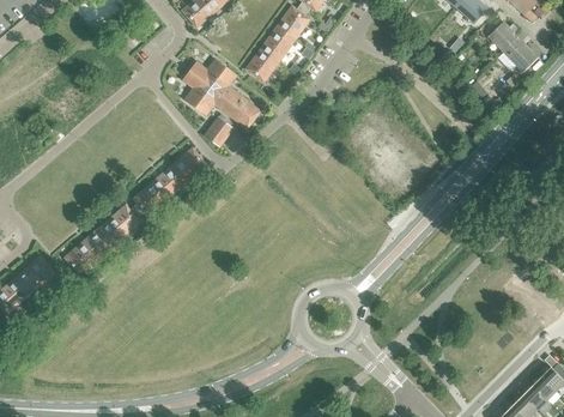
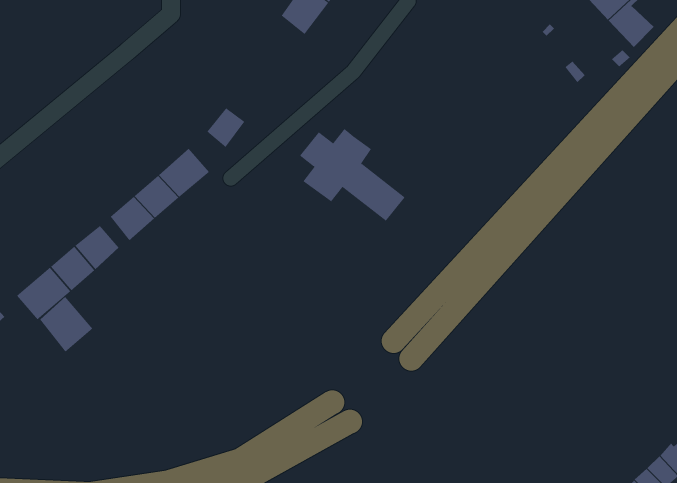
building: [245,48,278,81] -> none
building: [182,59,261,128] -> [299,128,406,222]
building: none -> [39,296,93,352]

